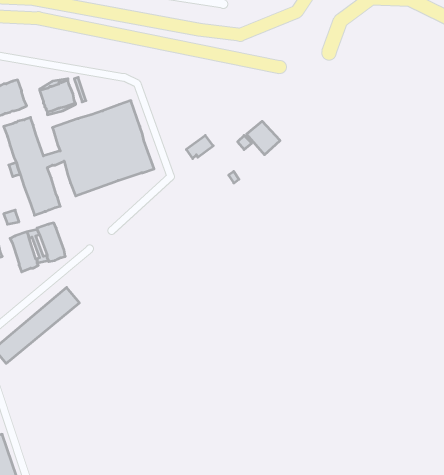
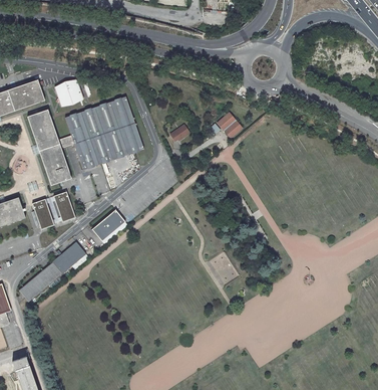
building: none -> [91,210,124,241]

